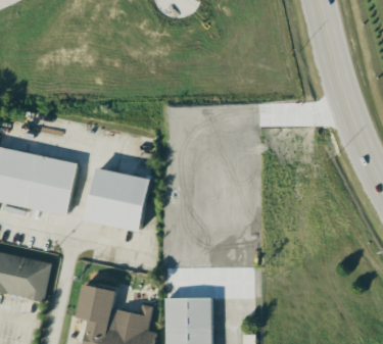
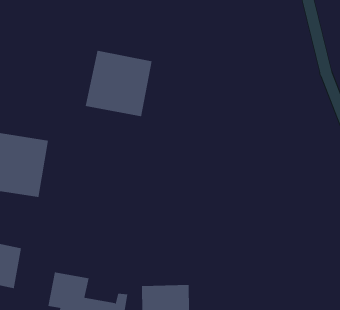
building: [84,167,148,231] -> [85,50,153,117]

